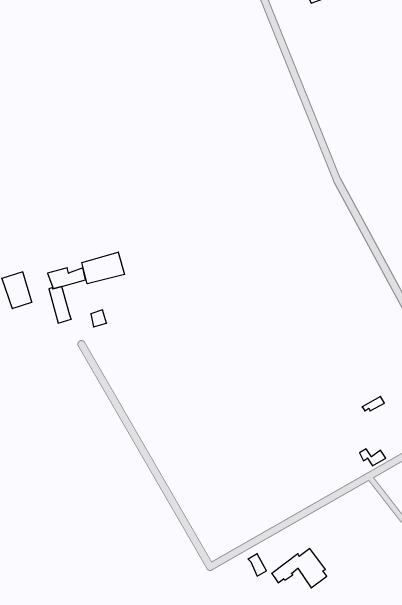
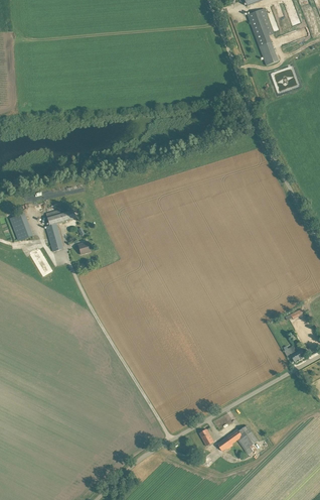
building: none -> [248,9,279,66]
building: [82,252,125,284] -> none

